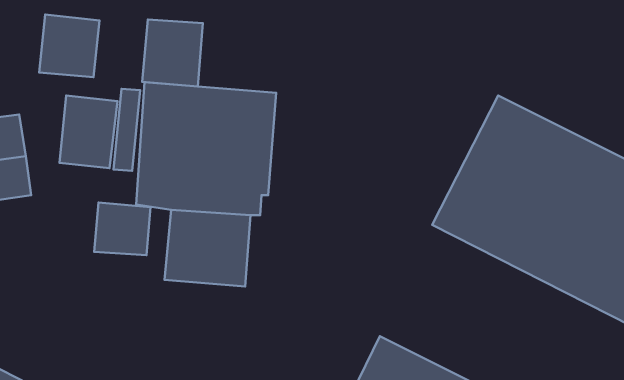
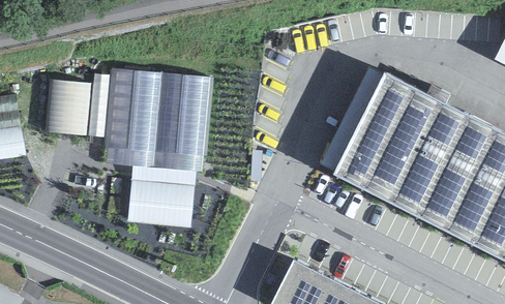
building: [39,15,99,77] -> none
building: [142,20,203,87] -> none
building: [94,202,150,255] -> none

